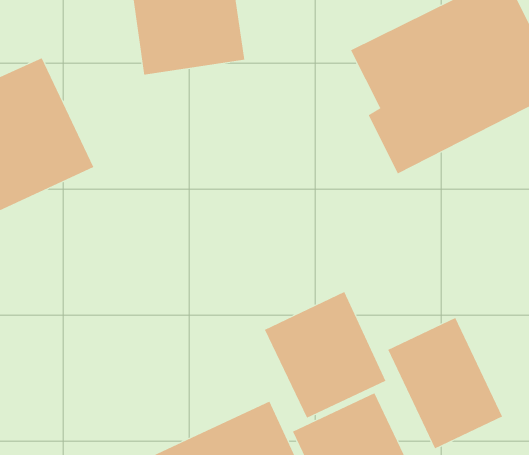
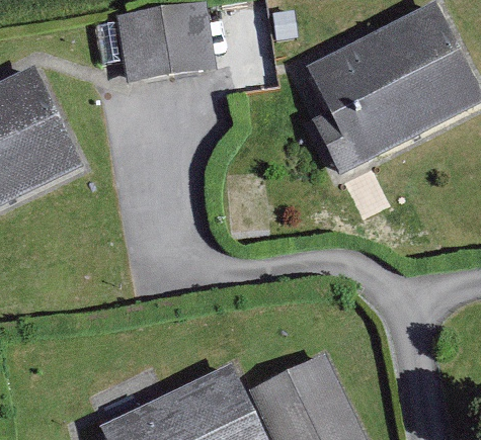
building: [264,291,386,419] -> none
building: [387,317,503,449] -> none

